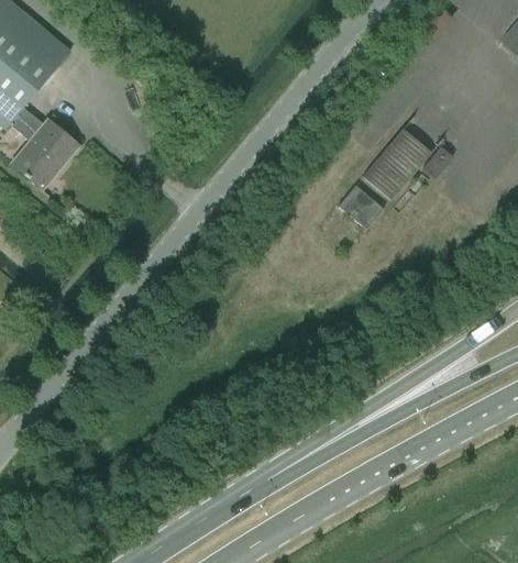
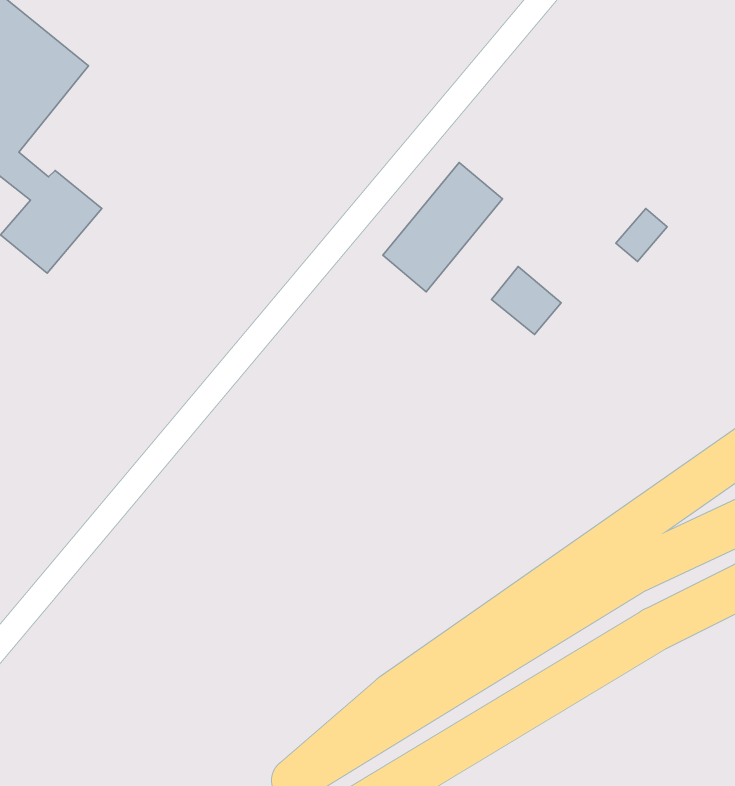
building: [362,114,441,200] -> [383,162,502,292]

